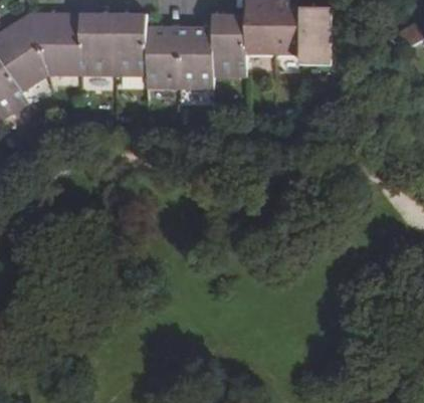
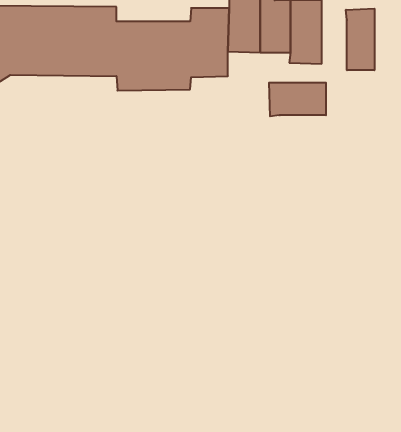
building: none -> [346,9,374,70]
building: none -> [269,83,326,116]

